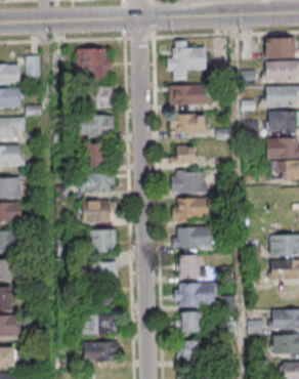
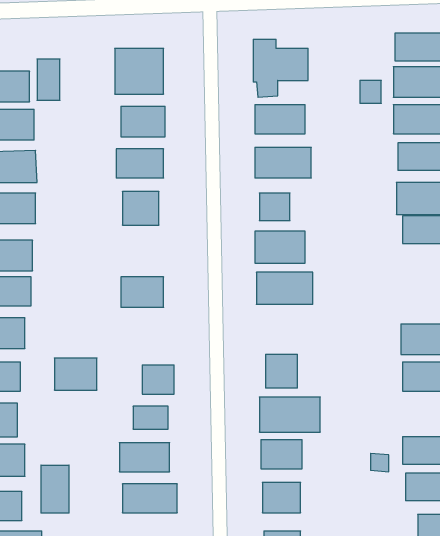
building: [77,173,115,193] -> none
building: [174,227,211,247] -> none
building: [88,230,117,252] -> [54,358,97,390]
building: none -> [41,465,69,513]

